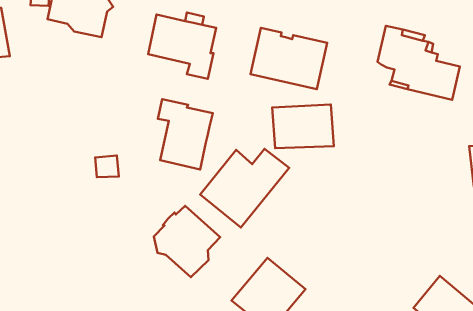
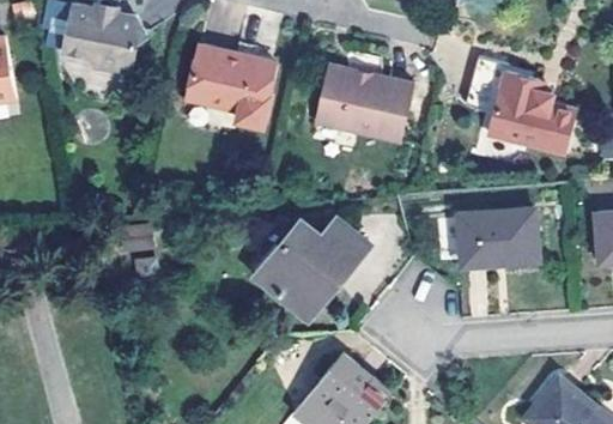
building: [158,99,213,169] -> none
building: [272,105,334,148] -> [460,210,538,265]
building: [154,206,220,277] -> none

